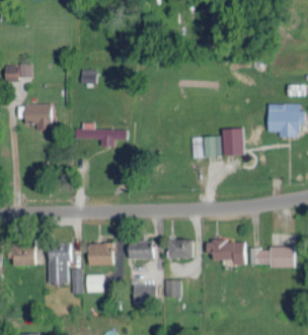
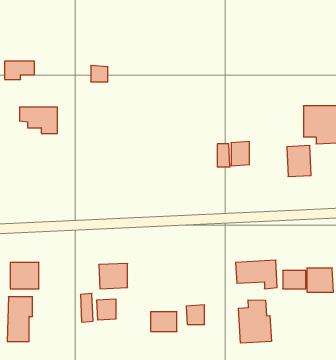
building: [76,125,128,147] -> none
building: [223,129,244,156] -> [287,146,311,177]
building: [168,240,192,258] -> none
building: [129,242,153,259] -> none
building: [49,244,71,283] -> [7,297,33,342]
building: none -> [238,300,271,343]

